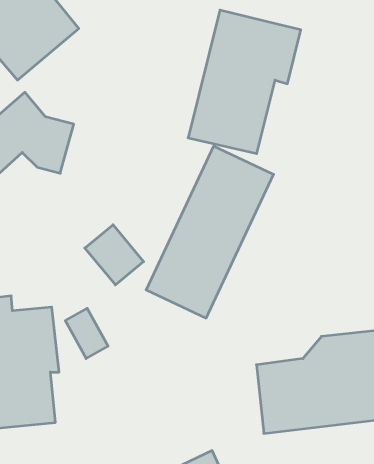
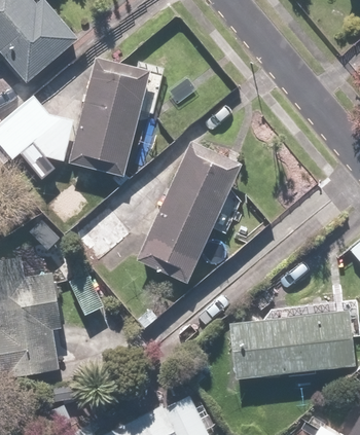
building: [188,10,301,154] -> [67,58,161,178]

